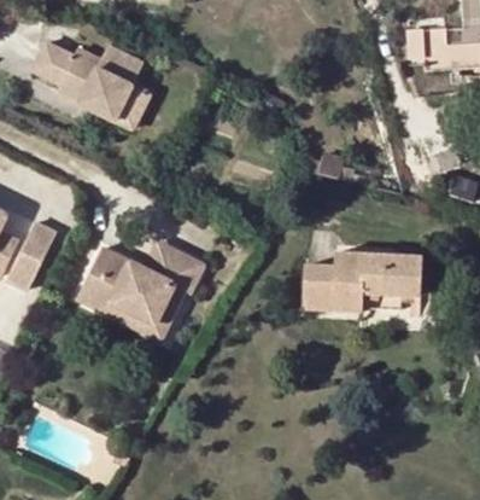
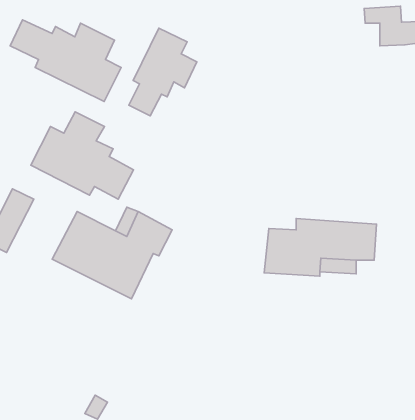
building: none -> [129,28,197,116]
building: none -> [31,112,133,199]

